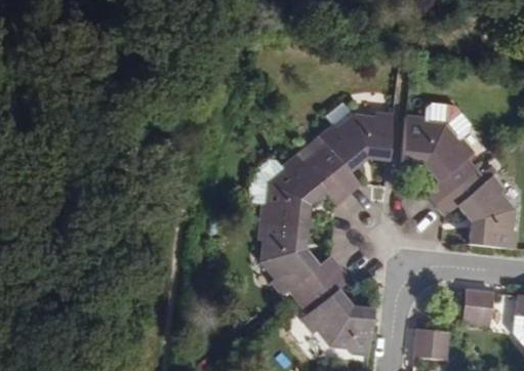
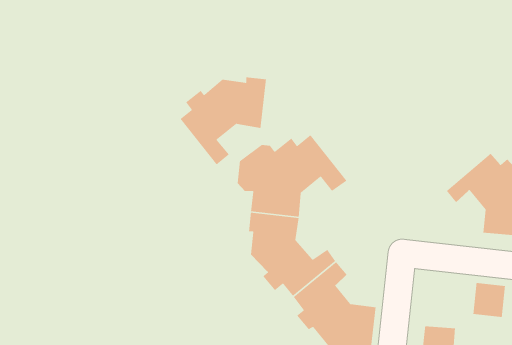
building: [402,107,479,204] -> none
building: [314,113,394,195] -> [180,76,267,166]

